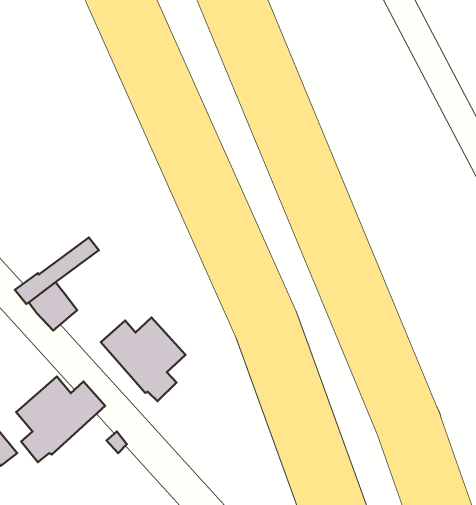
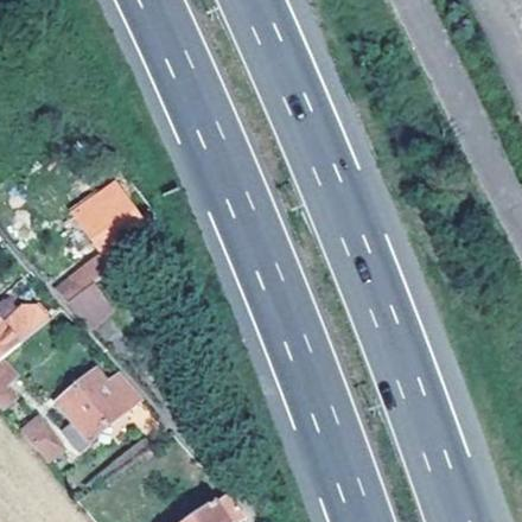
building: none -> [74,182,136,244]
building: [101,318,186,401] -> none

